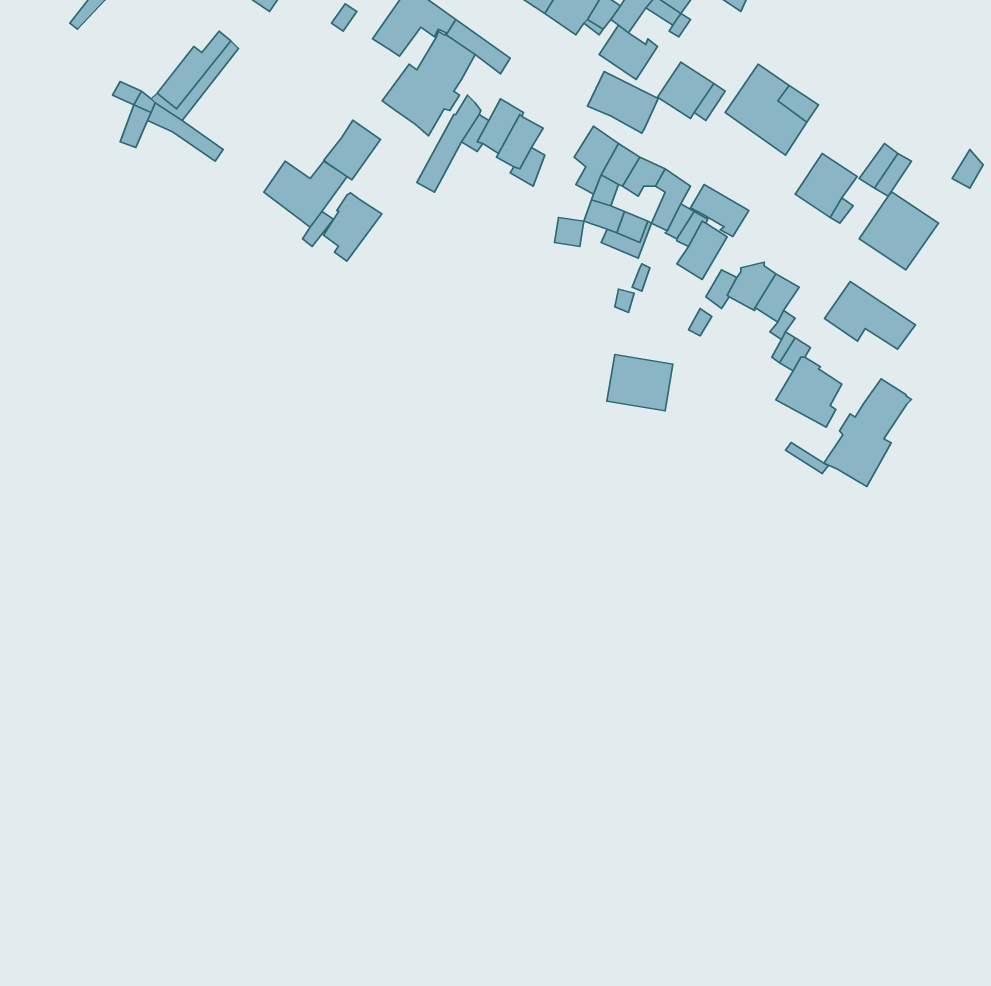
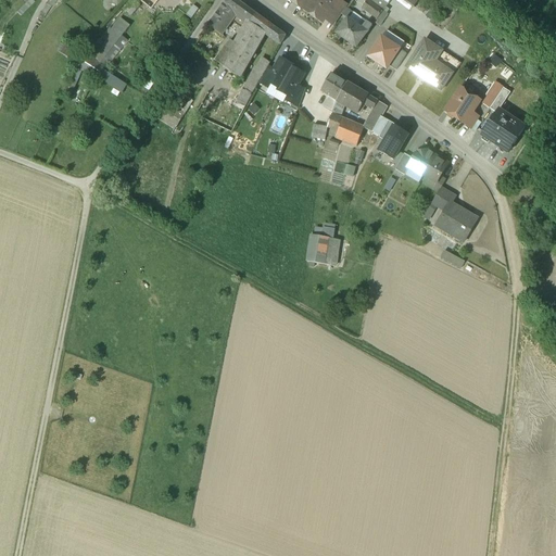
building: [587,71,658,133] -> none
building: [324,120,381,180] -> none
building: [690,185,749,236] -> none
building: [324,193,382,261] -> none
building: [825,281,915,349] -> none
building: [607,355,673,411] -> [305,232,342,264]
building: [824,379,911,486] -> none

